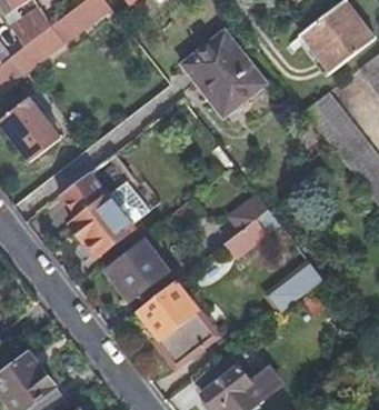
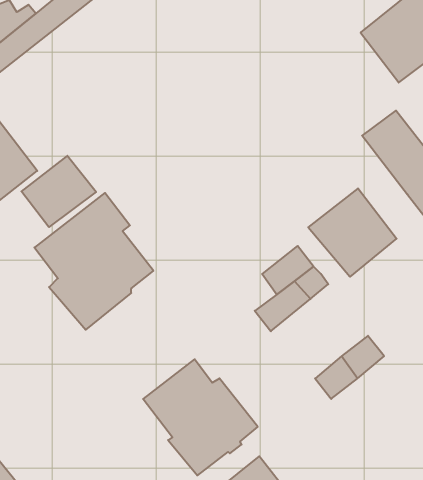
building: [181,28,266,117] -> none
building: none -> [21,156,96,227]
building: none -> [308,188,397,277]
building: [107,236,168,301] -> none

